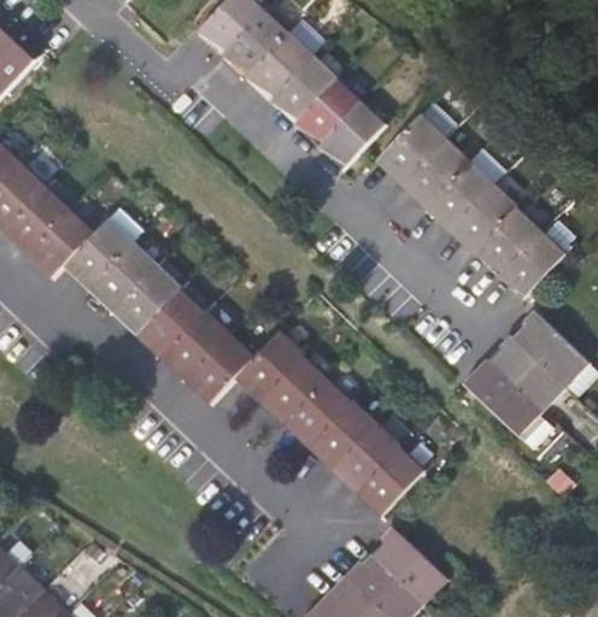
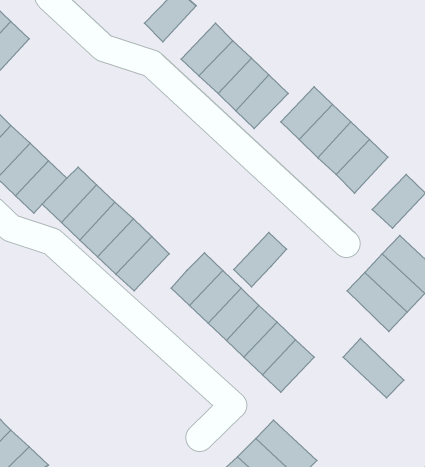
building: [223,10,292,80] -> none
building: [474,207,541,276] -> none
building: [186,334,254,405] -> [234,232,286,287]
building: [368,527,447,604] -> [343,339,404,398]

